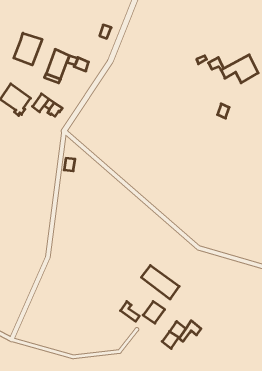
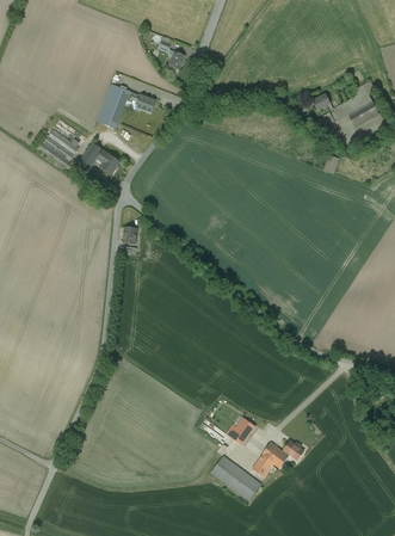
building: [14,33,42,65] -> none
building: [141,265,179,299] -> [211,456,261,500]

